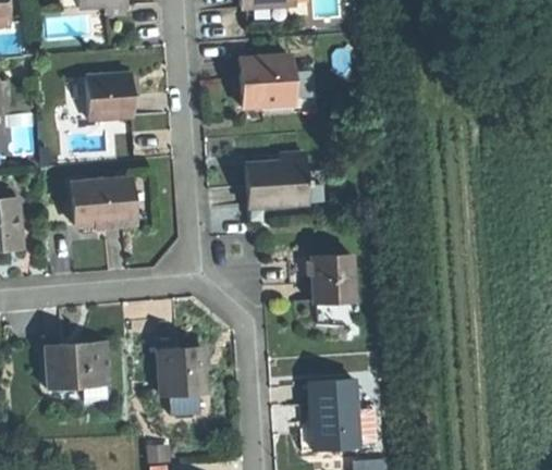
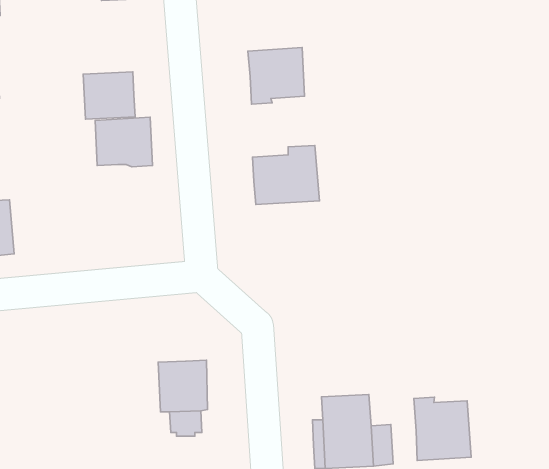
building: [72,180,126,226] -> [95,117,153,167]
building: [315,252,357,305] -> none
building: [50,342,114,387] -> none
building: none -> [414,397,471,460]

